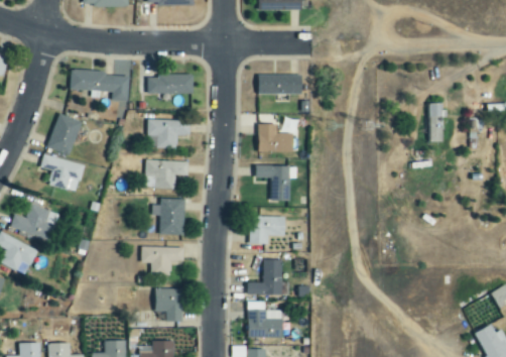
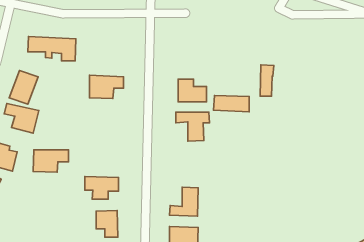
building: [147,75,194,94] -> none
building: [258,75,302,95] -> [214,96,249,112]
building: [428,103,446,142] -> [260,65,274,96]
building: [144,160,188,189] -> [33,150,68,172]
building: [152,199,185,235] -> none
building: [249,216,285,244] -> none

